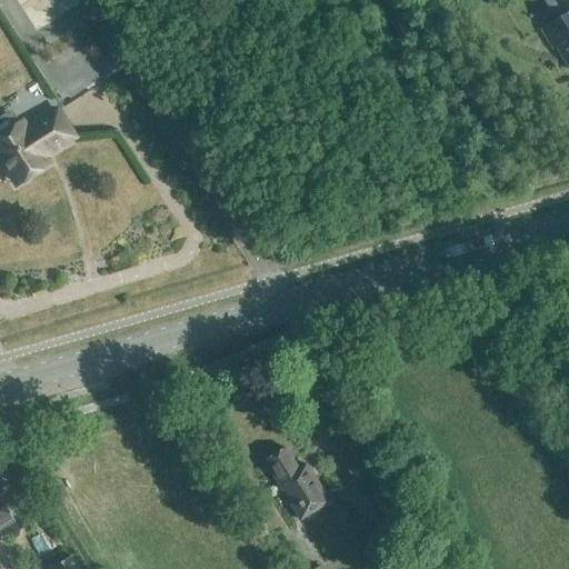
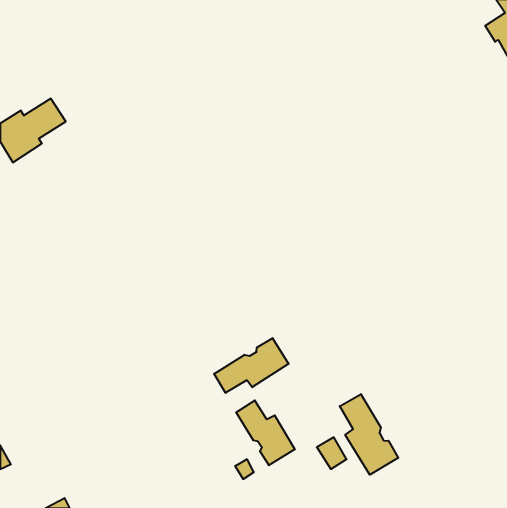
building: none -> [214,338,289,393]
building: none -> [340,394,398,475]

